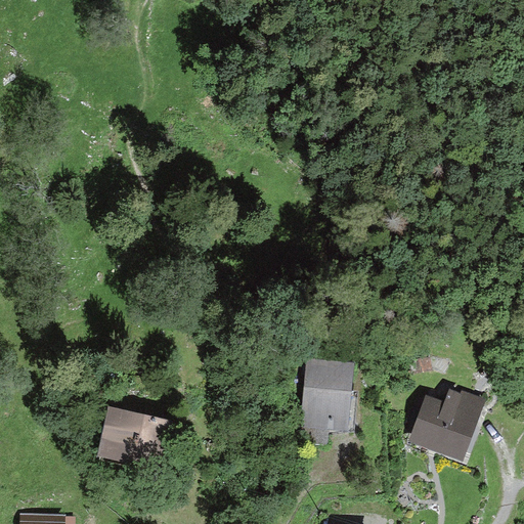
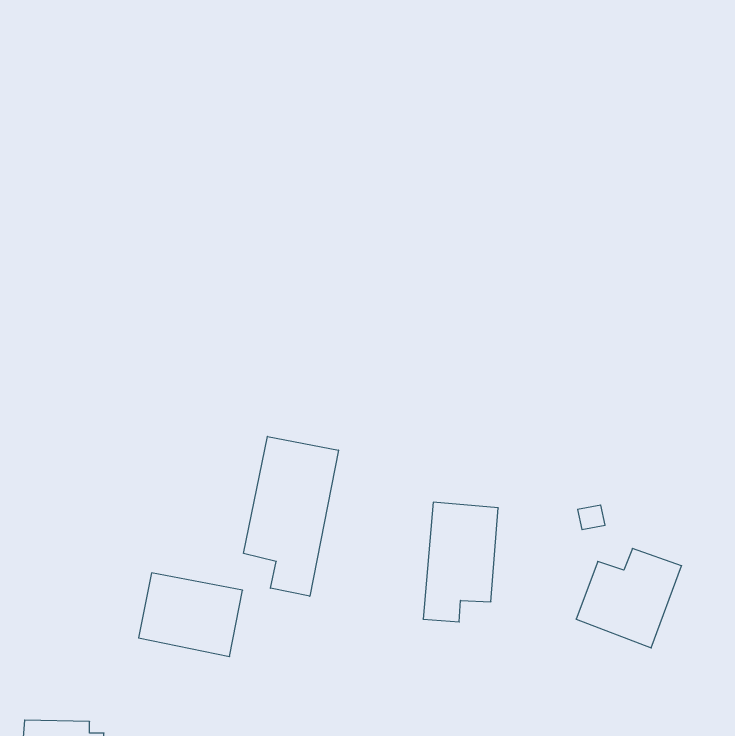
building: none -> [244,436,338,596]

